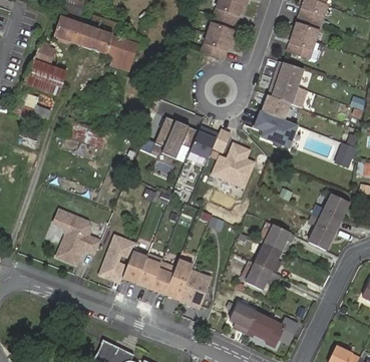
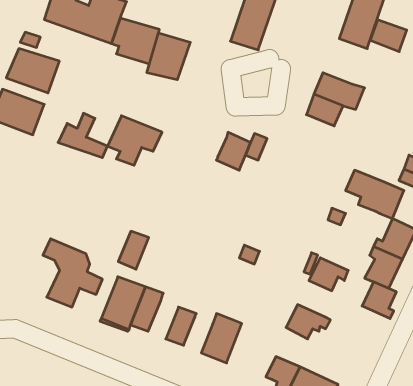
building: none -> [147,33,190,80]
building: [275,62,304,87] -> [370,20,407,52]
building: [252,110,298,148] -> [346,170,404,218]
building: [155,116,199,155] -> [108,116,162,165]
building: [213,141,254,185] -> none
building: [255,243,282,272] -> [362,282,396,319]
building: [136,259,160,289] -> [118,231,149,269]
building: [164,272,188,300] -> none

